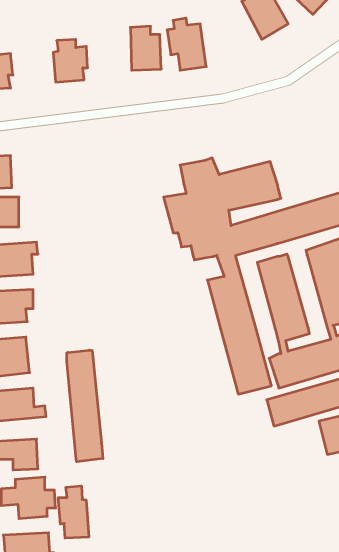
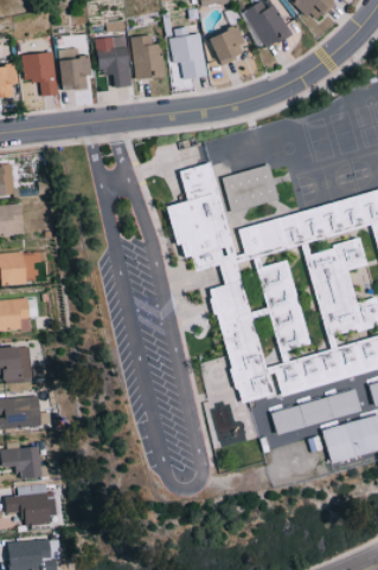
building: none -> [205,24,246,60]
building: none -> [95,35,130,86]
building: none -> [23,51,56,95]
building: [67,350,103,462] -> none
building: [58,486,89,538] -> none

